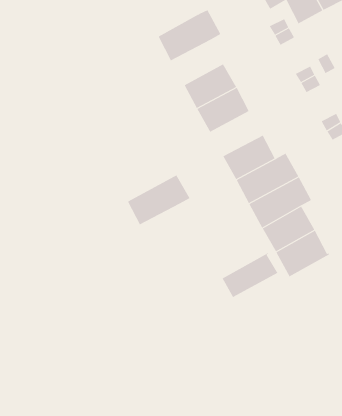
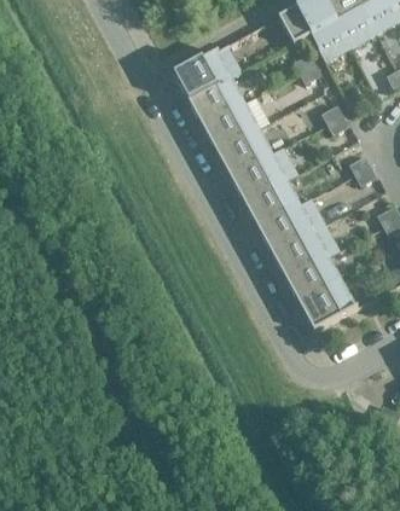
building: none -> [187,75,244,123]
building: [127,174,190,225] -> [230,145,297,199]
building: [222,253,278,298] -> none

